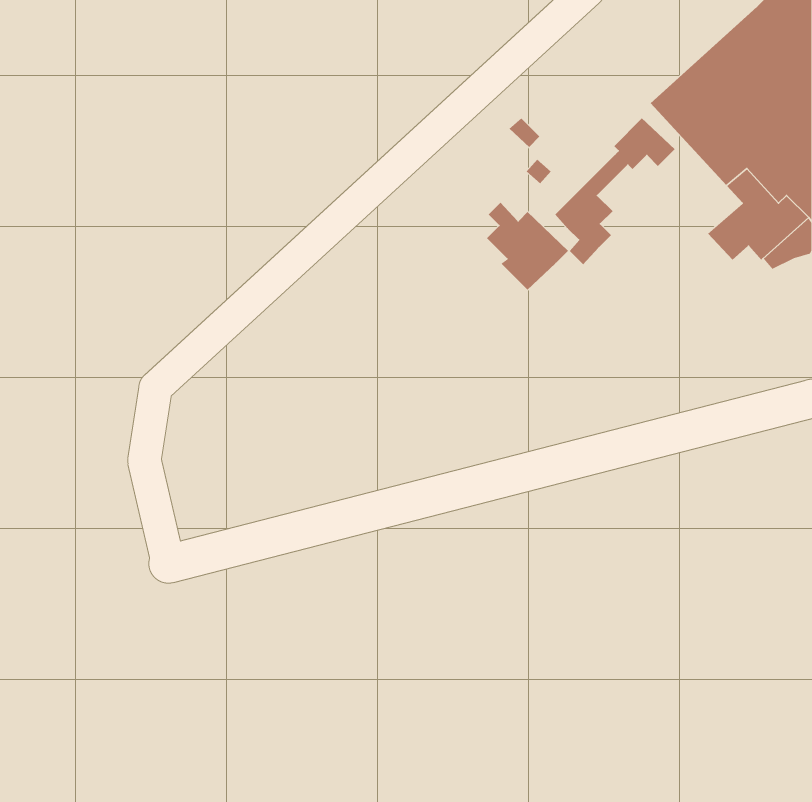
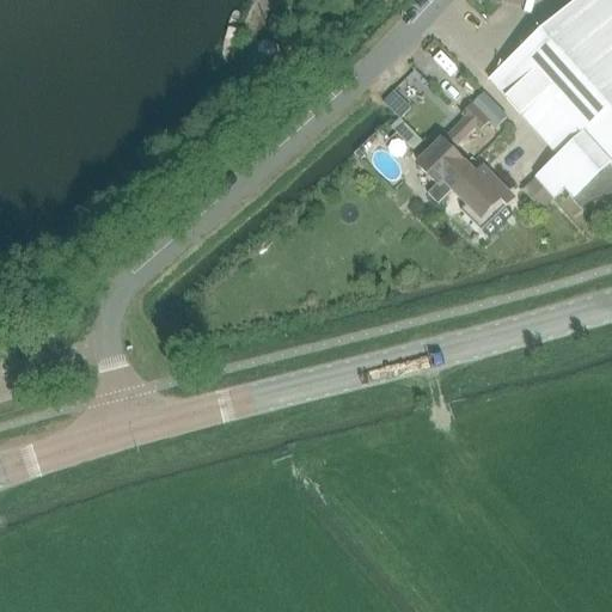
building: [486,202,569,291] -> [451,159,513,226]

